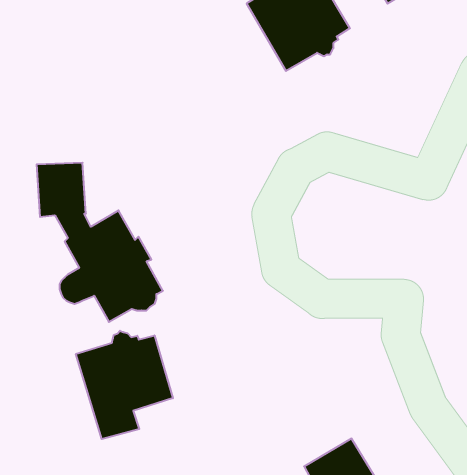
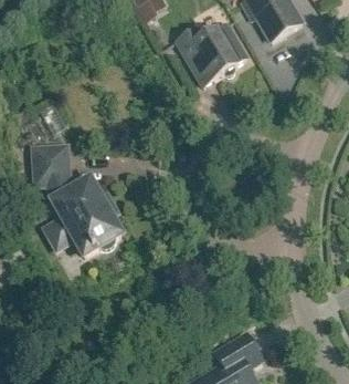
building: [76,331,173,439] -> none

